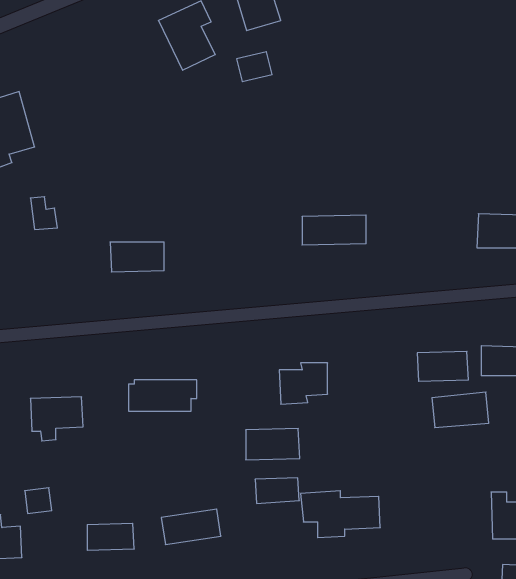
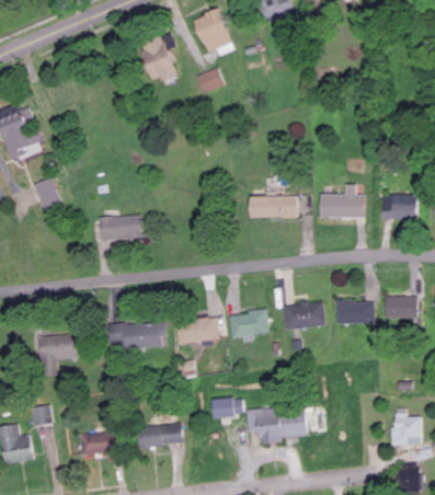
building: none -> [318,184,365,218]
building: [432,392,489,428] -> [282,301,325,329]
building: [246,429,300,460] -> [176,318,218,342]

